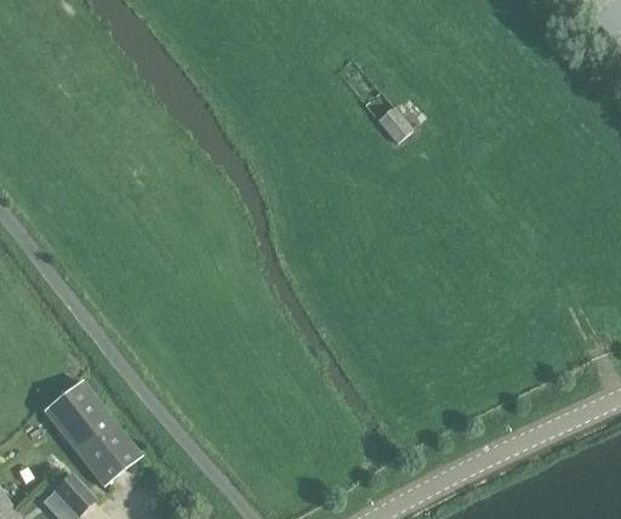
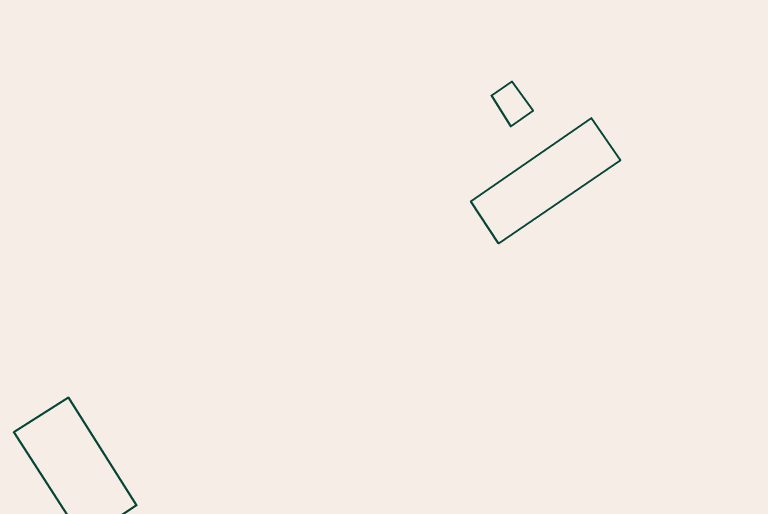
building: none -> [471,118,620,243]

